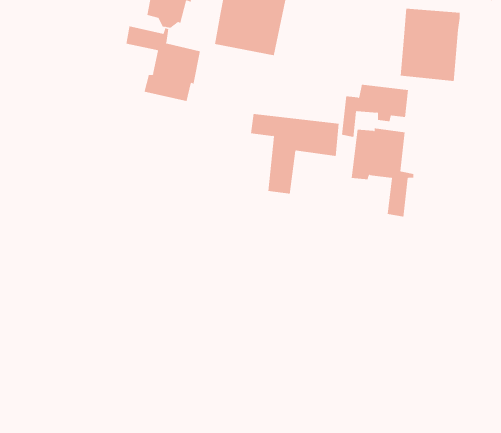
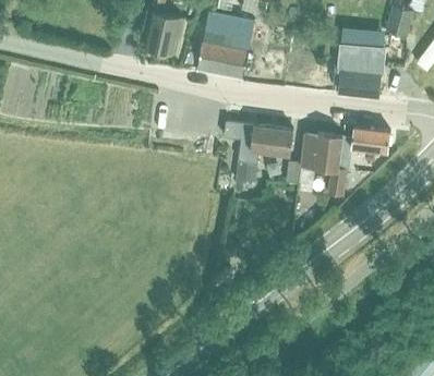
building: [126,25,201,102] -> none
building: [341,84,409,138] -> [339,128,390,168]

